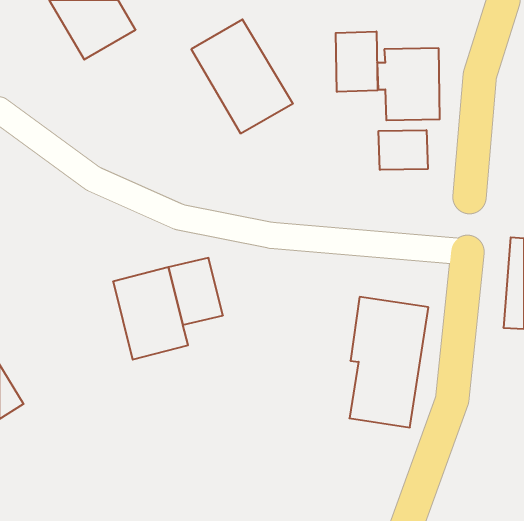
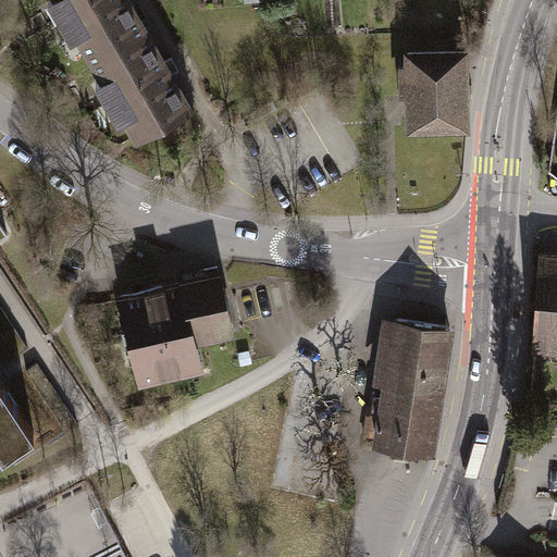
building: [191,19,293,133] -> [89,36,197,157]
building: [336,31,378,92] -> none
building: [379,130,428,170] -> none

